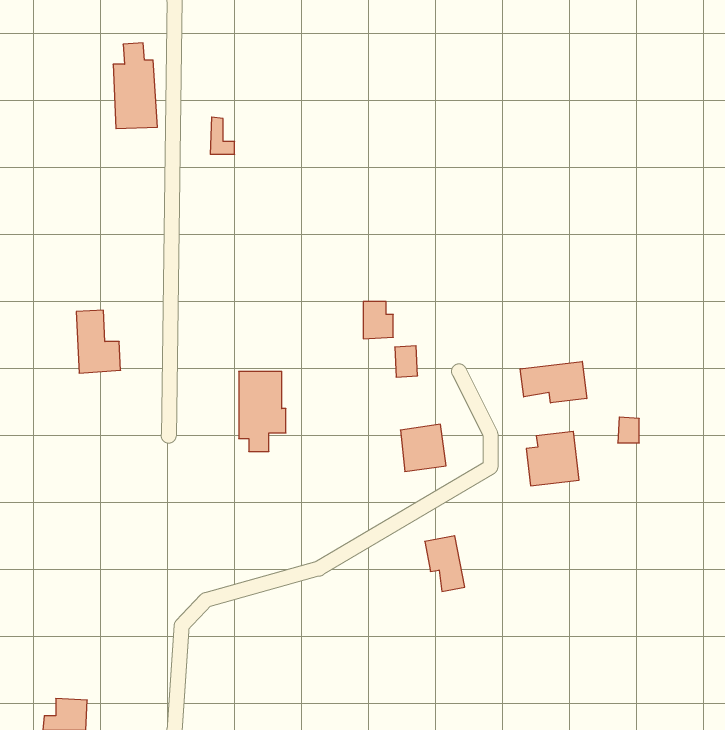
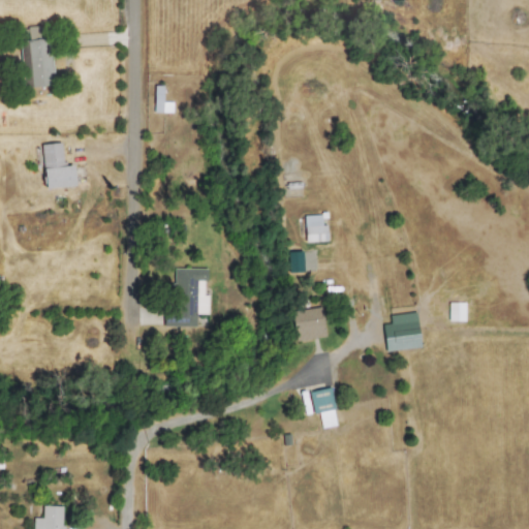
building: [113,43,157,129] -> [23,25,55,87]
building: [363,302,393,339] -> [307,215,329,242]
building: [76,310,121,373] -> [44,143,76,188]
building: [520,361,587,403] -> none

